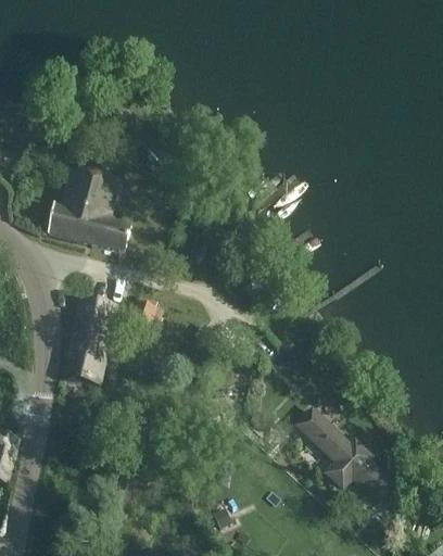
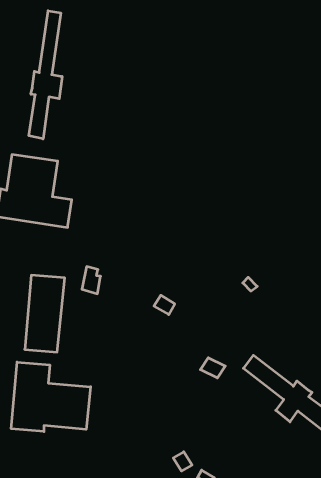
building: none -> [29,11,62,139]
building: none -> [11,362,91,432]

